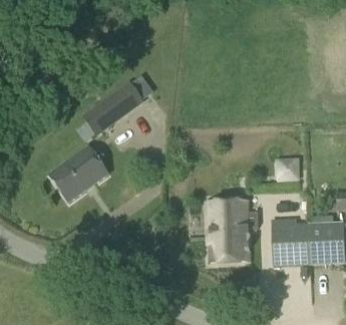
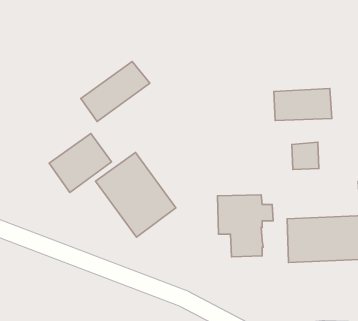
building: none -> [274,88,332,121]
building: none -> [96,152,176,237]

